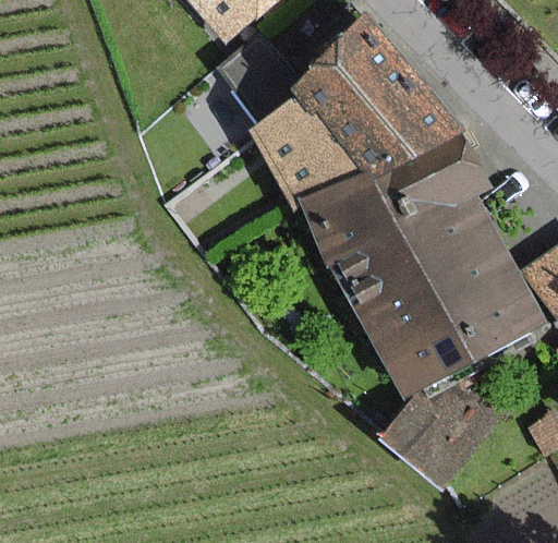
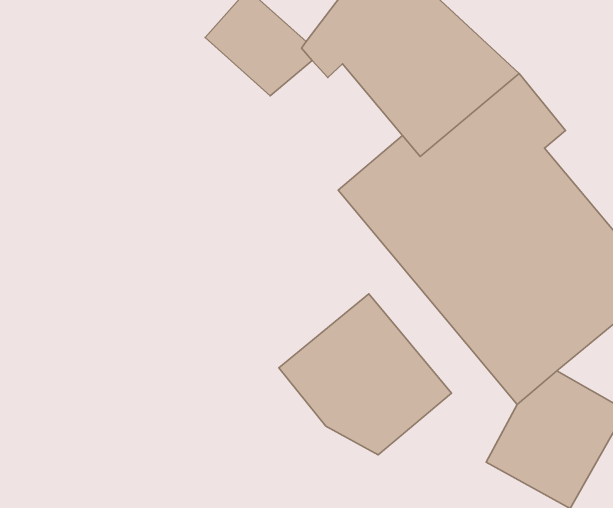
building: [252,102,361,209] -> none
building: none -> [279,294,452,455]

